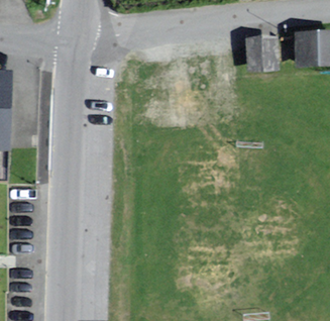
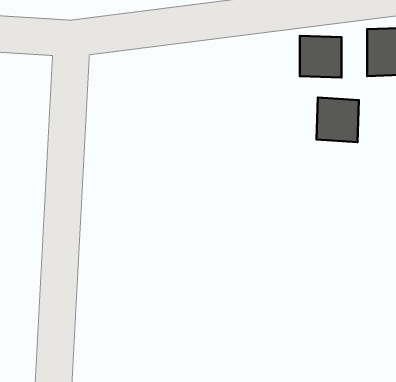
building: none -> [317,98,359,142]

